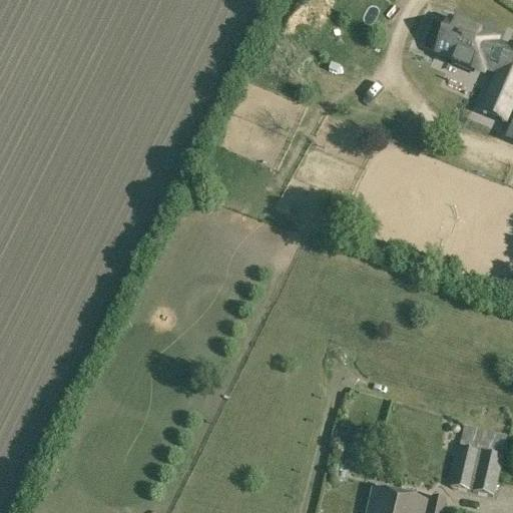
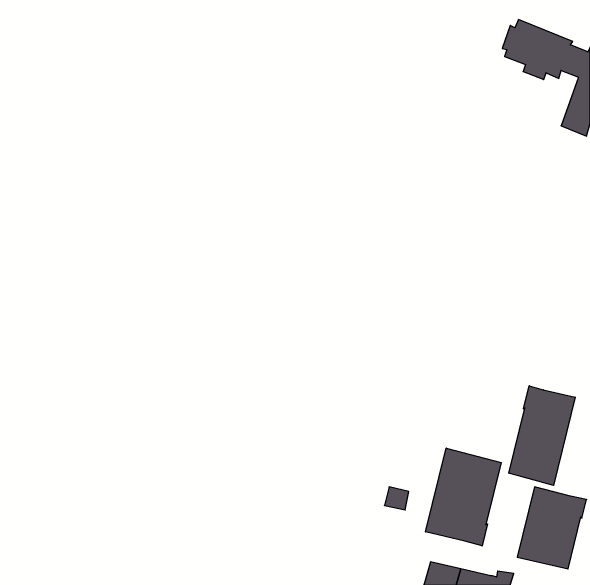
building: none -> [509,386,575,485]
building: none -> [426,448,501,546]

